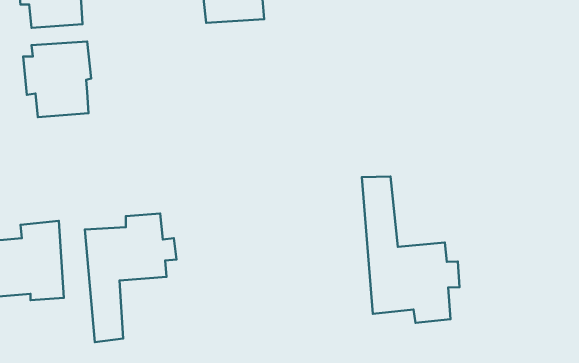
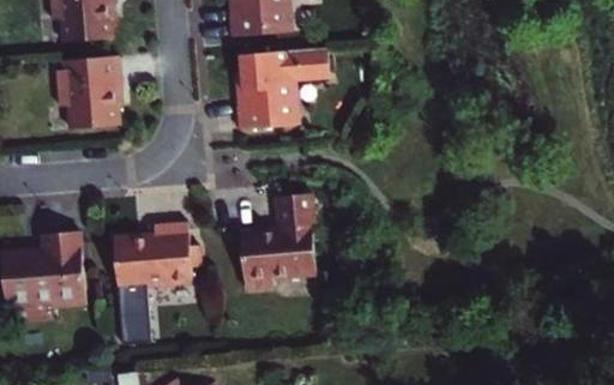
building: none -> [236,48,330,130]
building: [362,176,459,323] -> none
building: none -> [240,194,315,294]

